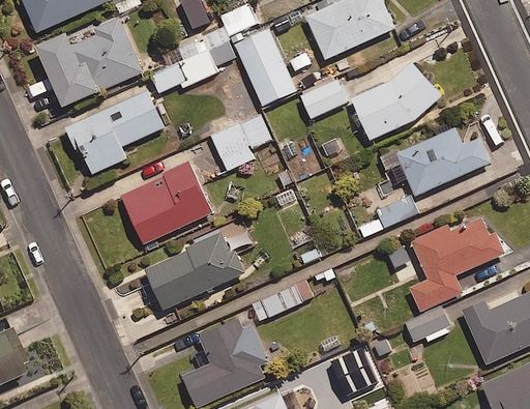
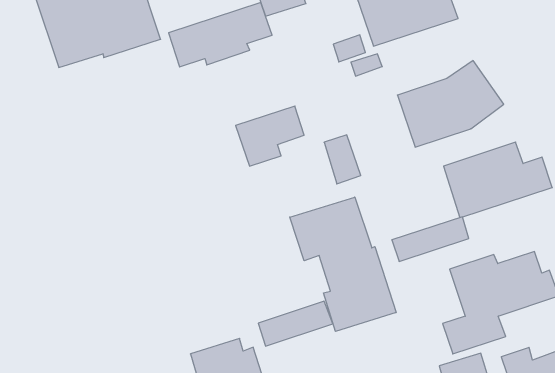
building: [239,30,298,106] -> none
building: [303,79,350,119] -> none
building: [65,90,164,175] -> none
building: [119,162,211,244] -> none
building: none -> [290,197,396,331]
building: [144,231,244,309] -> none

